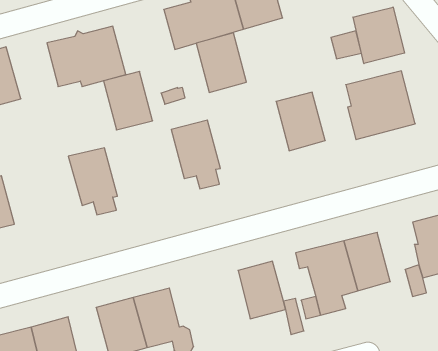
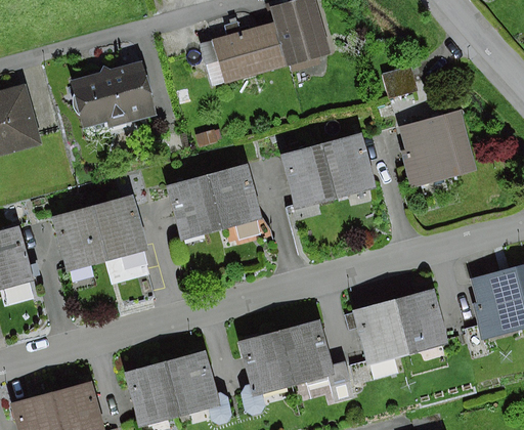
building: [353,7,405,64] -> none
building: [196,33,246,92] -> [281,144,337,210]
building: [103,71,153,130] -> [167,175,221,240]
building: none -> [52,205,108,270]
building: none -> [237,331,294,415]

